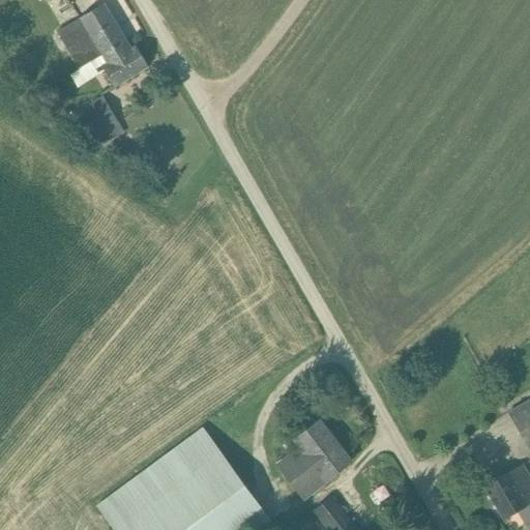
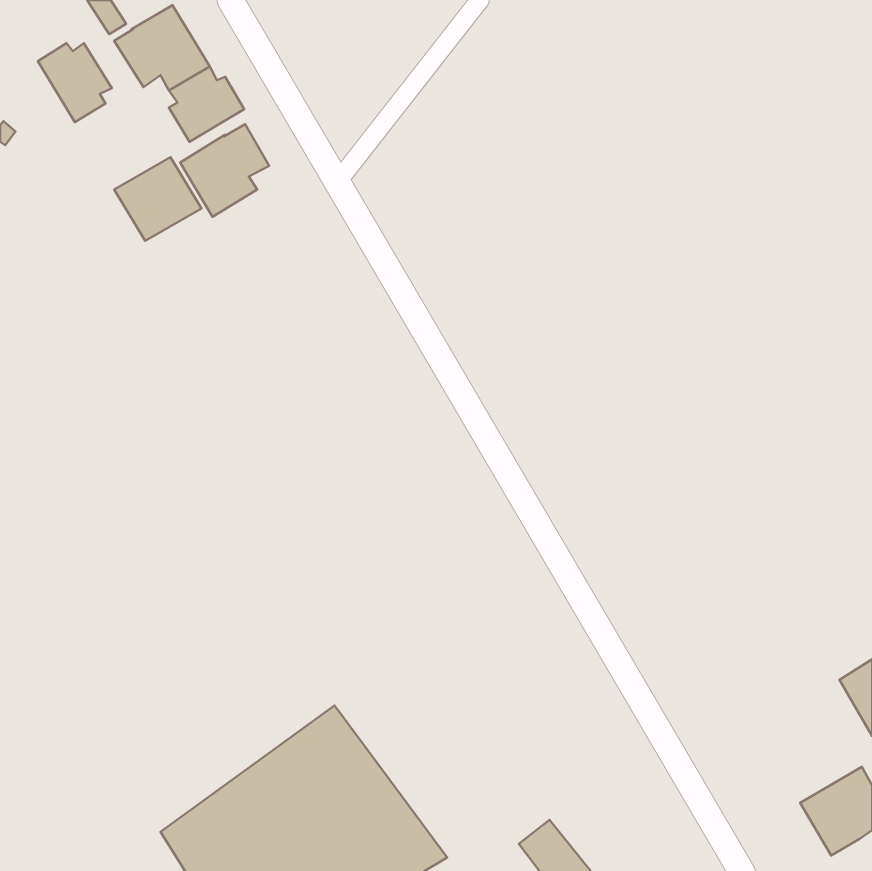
building: none -> [38,43,112,122]
building: none -> [180,124,269,217]
building: [277,422,350,499] -> none

